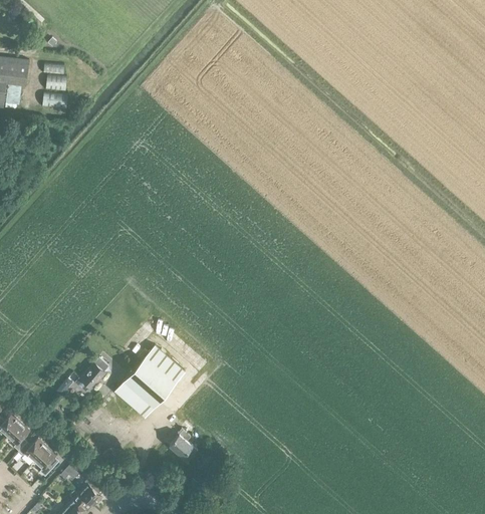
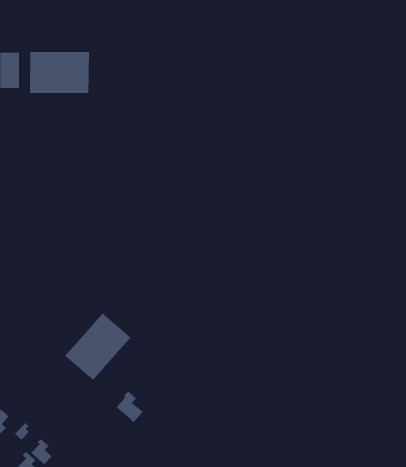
building: none -> [29,51,89,94]
building: [79,357,108,388] -> none

